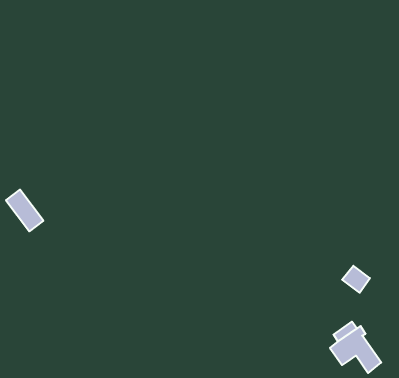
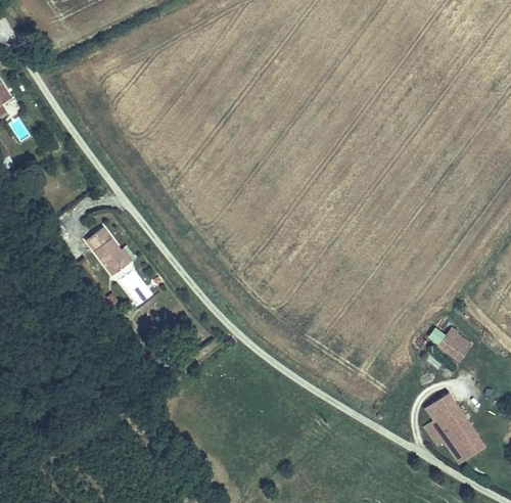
building: [6,190,43,231] -> [86,228,130,277]
building: none -> [120,271,152,308]

